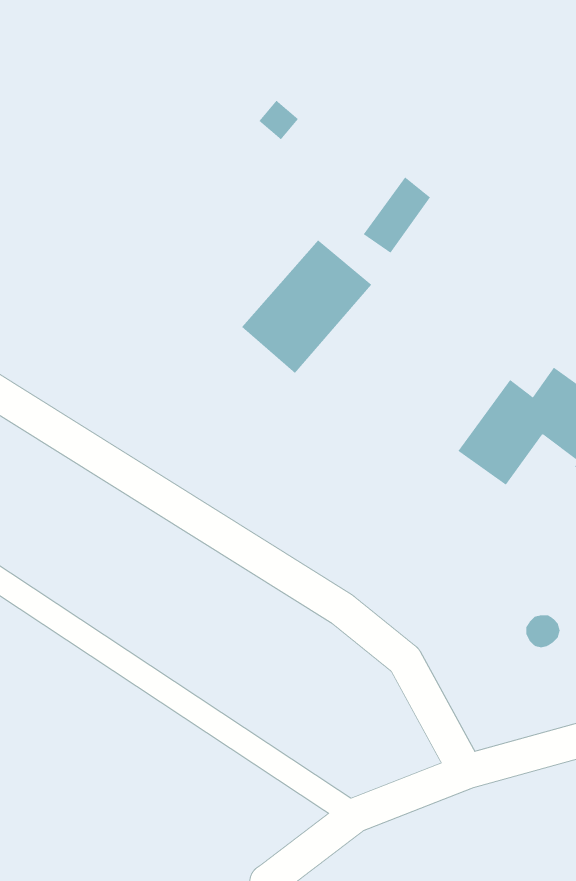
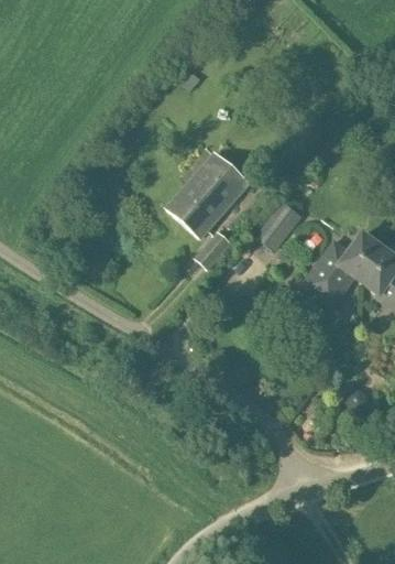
building: [363,177,431,253] -> [256,200,299,249]
building: none -> [196,230,232,269]

